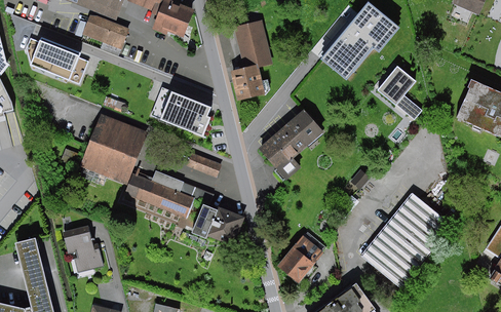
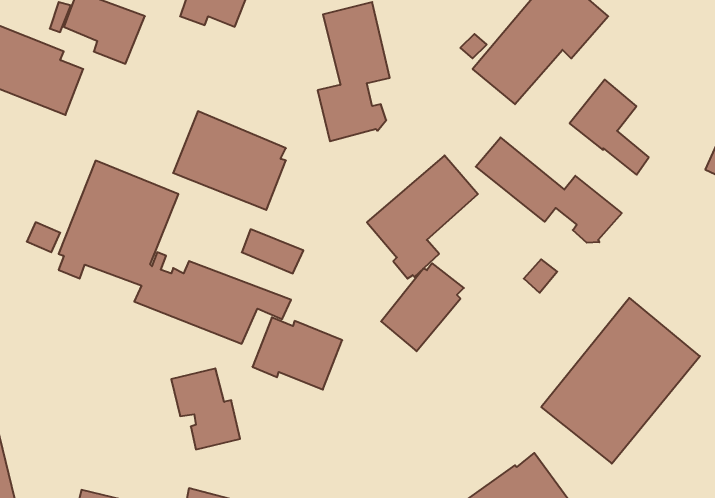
building: none -> [476,137,622,243]
building: [63,225,103,272] -> [171,368,240,449]
building: [277,232,325,283] -> [381,263,464,351]

